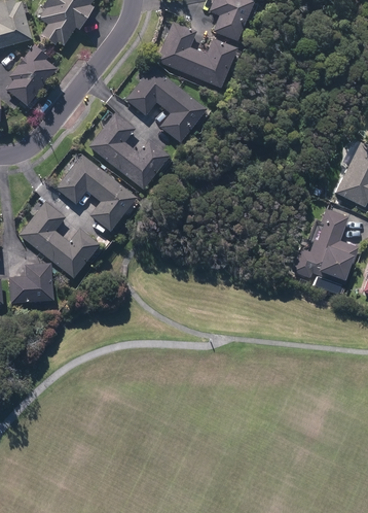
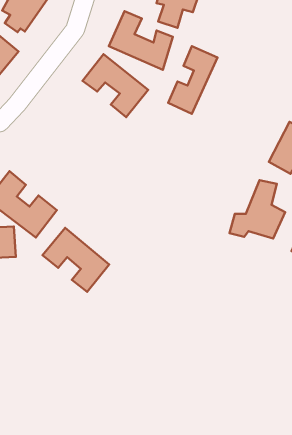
building: none -> [168,46,218,114]
building: [89,112,170,189] -> none
building: [58,156,133,228] -> [43,228,109,292]

